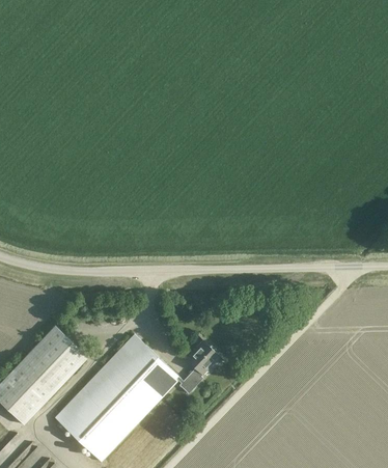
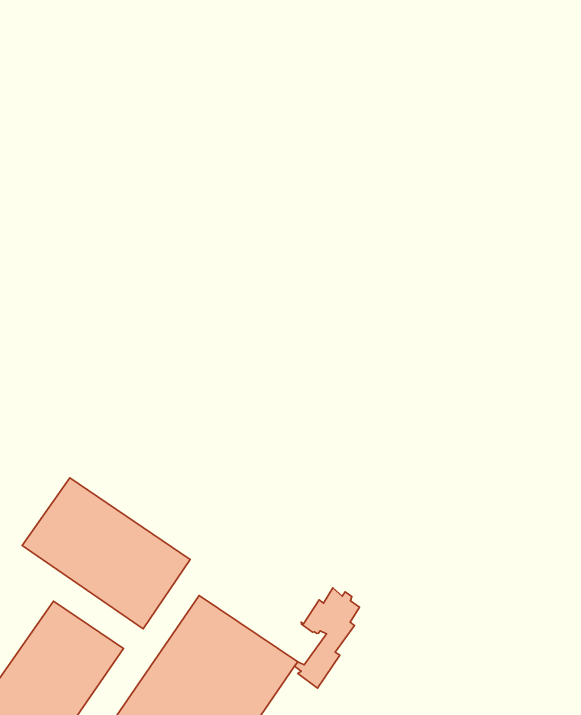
building: none -> [22,478,190,629]

